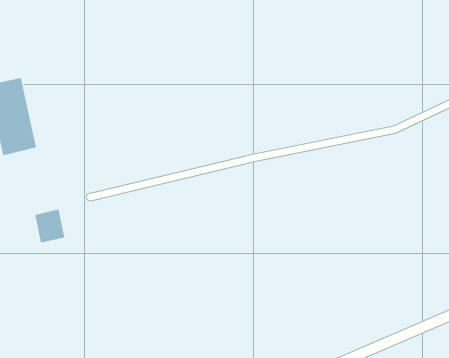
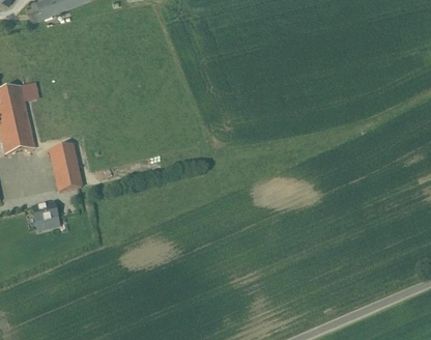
building: none -> [49,147,82,194]

